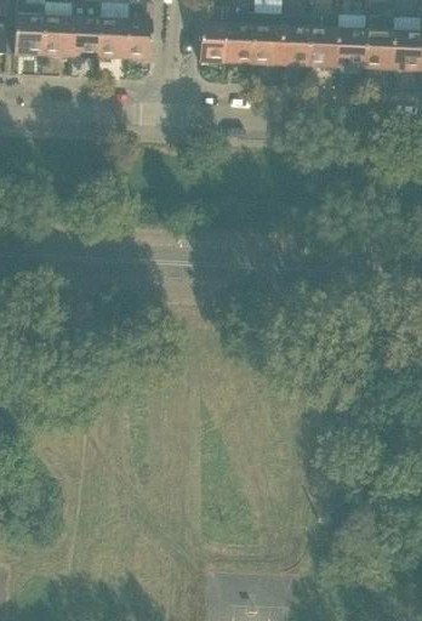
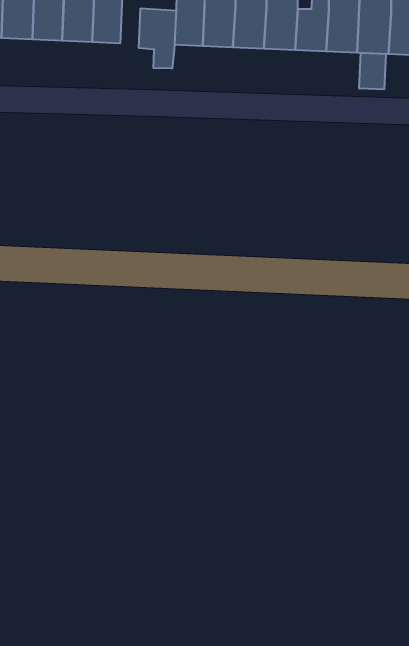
building: none -> [139,8,176,69]
building: none -> [359,53,386,89]

